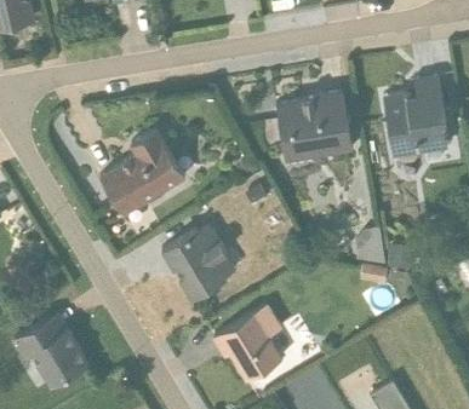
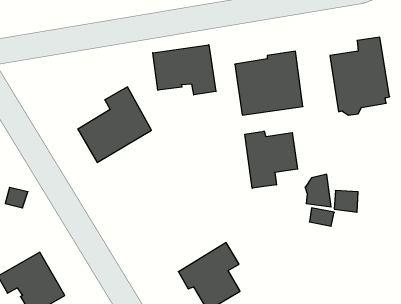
building: none -> [153,45,216,95]
building: none -> [245,131,298,188]
building: [162,226,236,301] -> none

